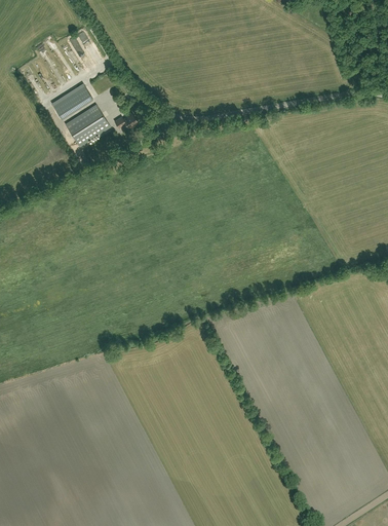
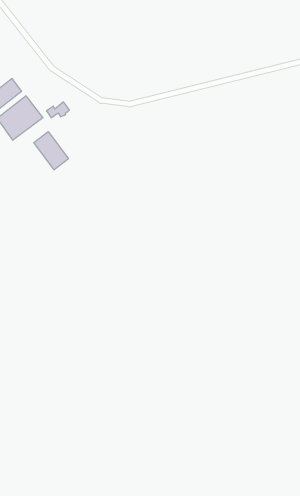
building: none -> [34,132,68,170]

